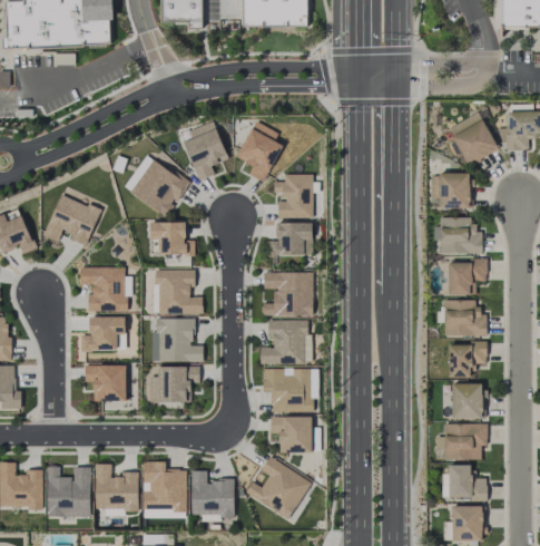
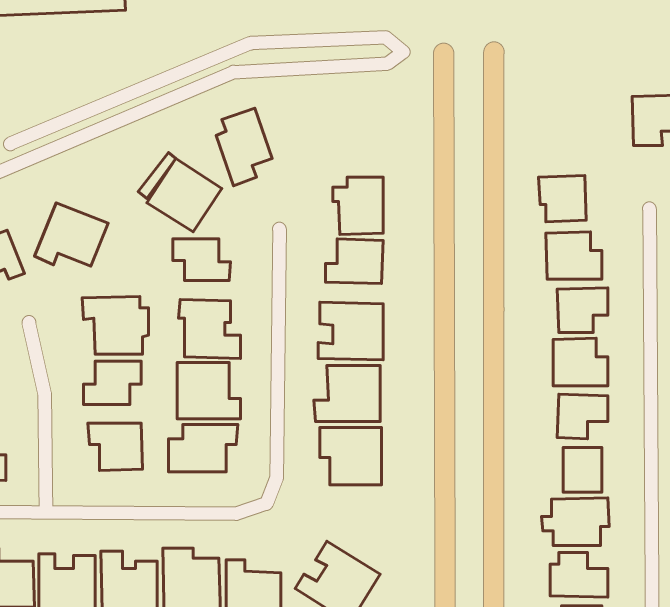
building: [448,111,498,164] -> none
building: [236,120,283,182] -> none
building: [271,416,312,452] -> none

